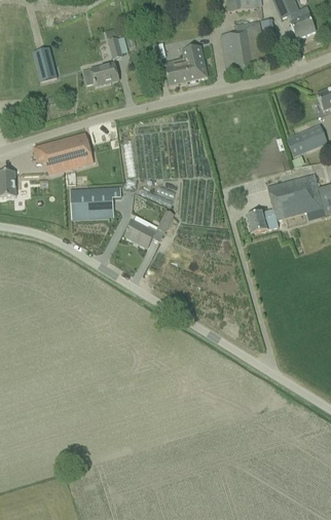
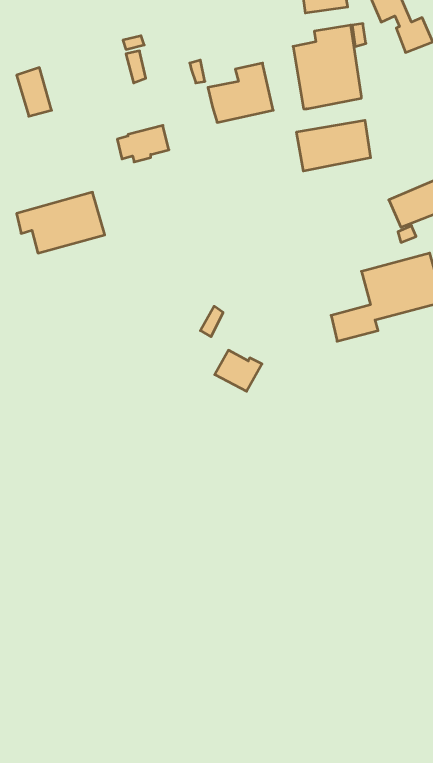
building: [83,62,118,86] -> [117,125,169,162]
building: none -> [297,120,371,171]
building: [71,187,121,218] -> none
building: [125,219,157,247] -> [215,350,262,391]

